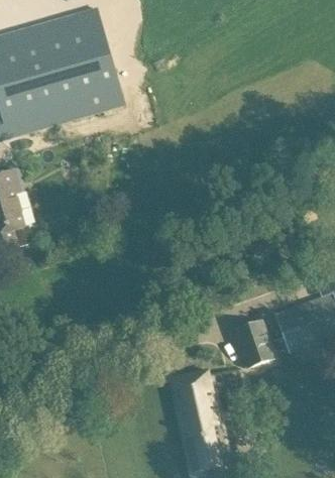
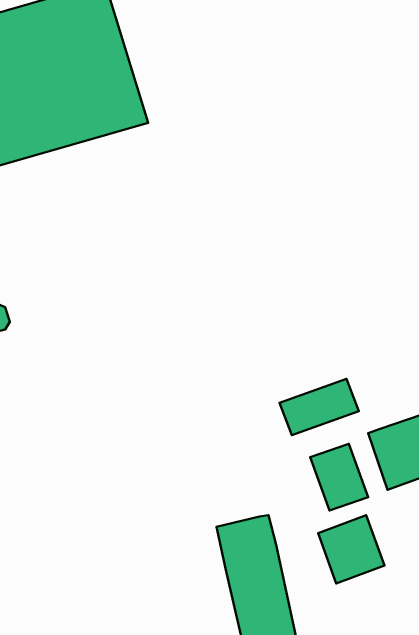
building: none -> [280,379,359,435]
building: none -> [318,515,384,584]

